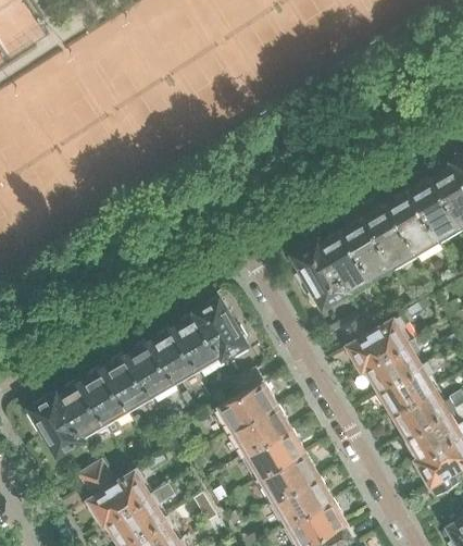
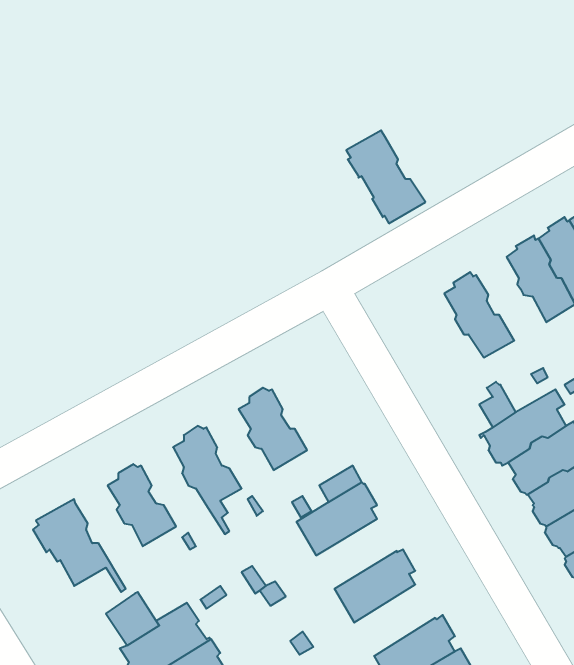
building: [345,219,395,281] -> none
building: [293,241,350,308] -> [346,130,425,223]
building: [199,298,248,359] -> none
building: [152,328,200,386] -> none
building: [105,356,153,413] -> none
building: [59,383,107,458] -> none
building: [230,406,288,458] -> none
building: [258,454,315,506] -> none

